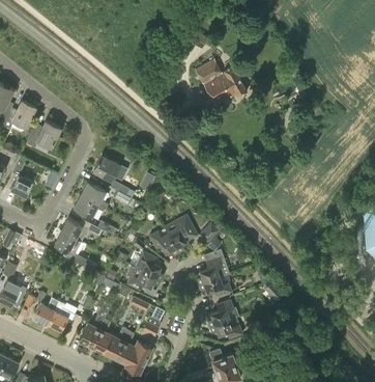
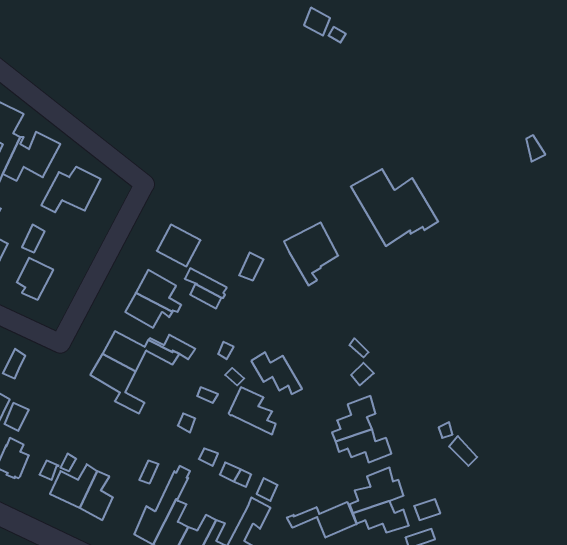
building: [196,60,248,106] -> [351,169,438,246]
building: [165,216,197,253] -> [284,222,338,285]
building: [127,269,162,290] -> none
building: none -> [287,502,357,538]

